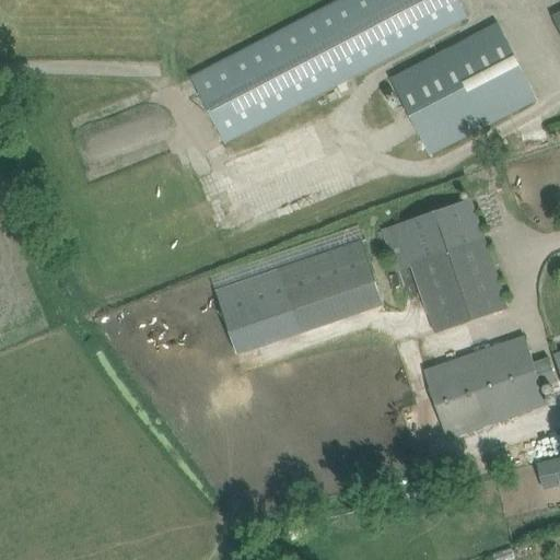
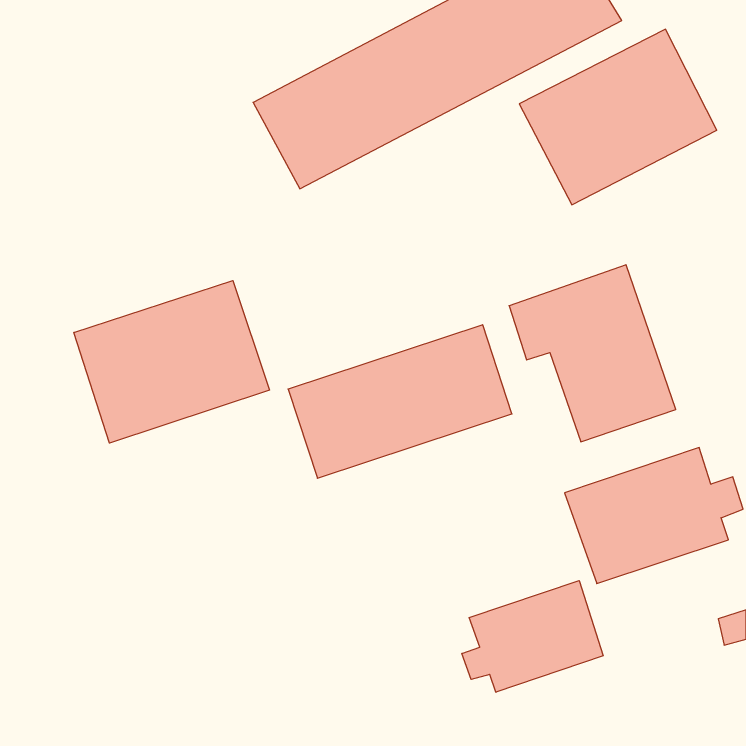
building: none -> [74,281,269,443]
building: none -> [462,581,603,692]

